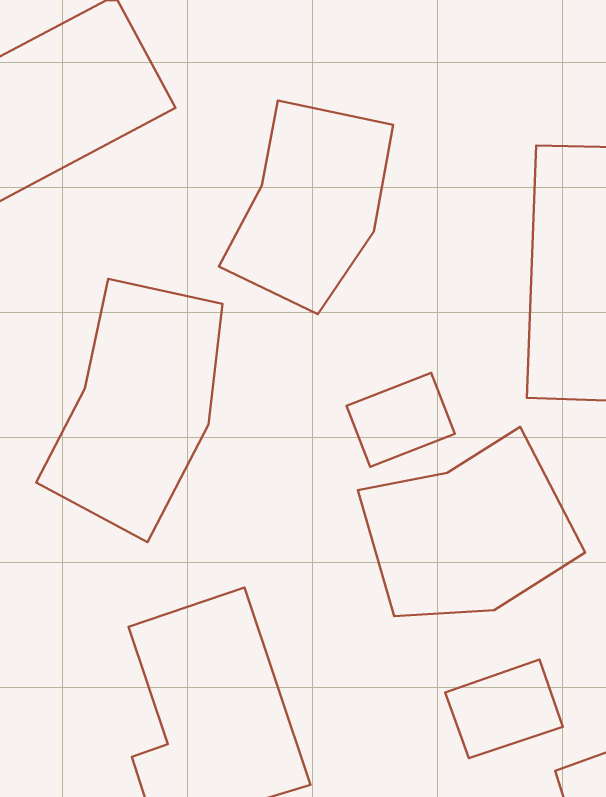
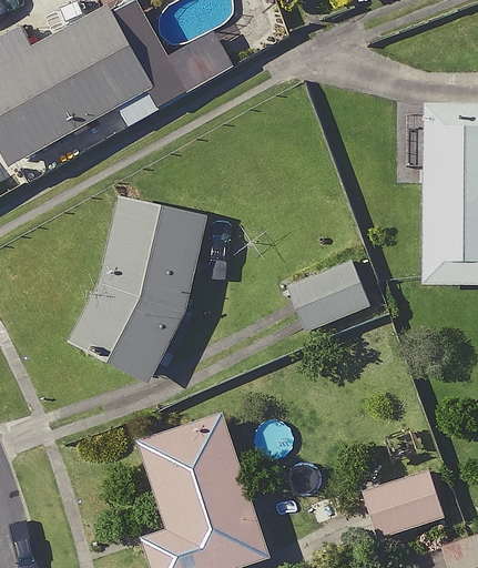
building: [219,101,393,314] -> none
building: [358,427,585,616] -> none

